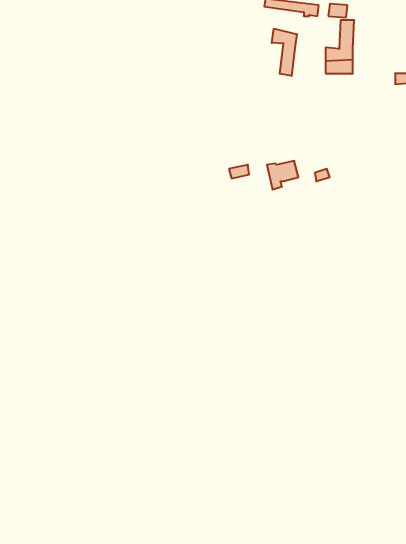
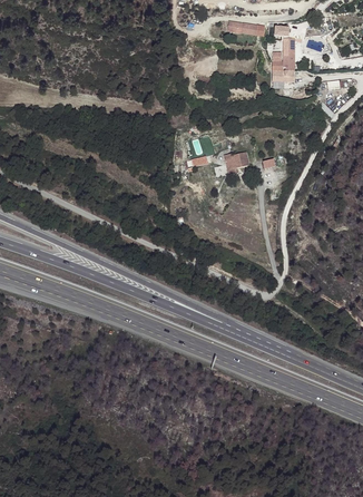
building: [272,29,297,76] -> none

